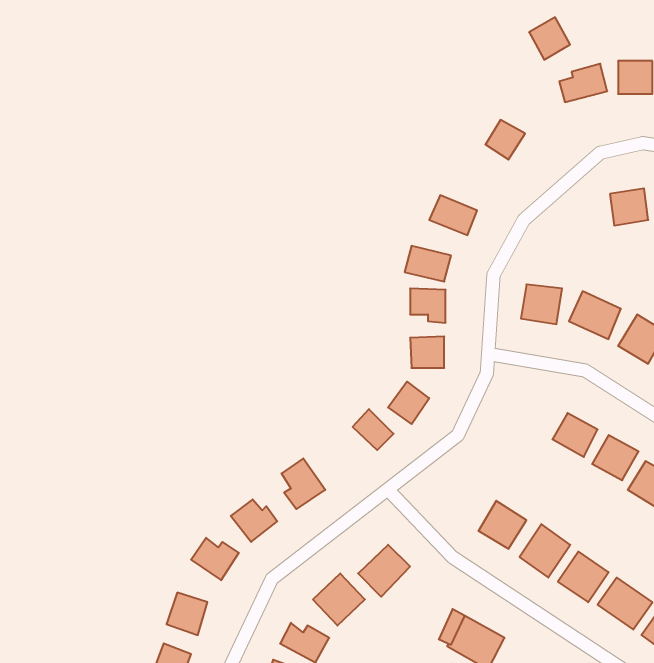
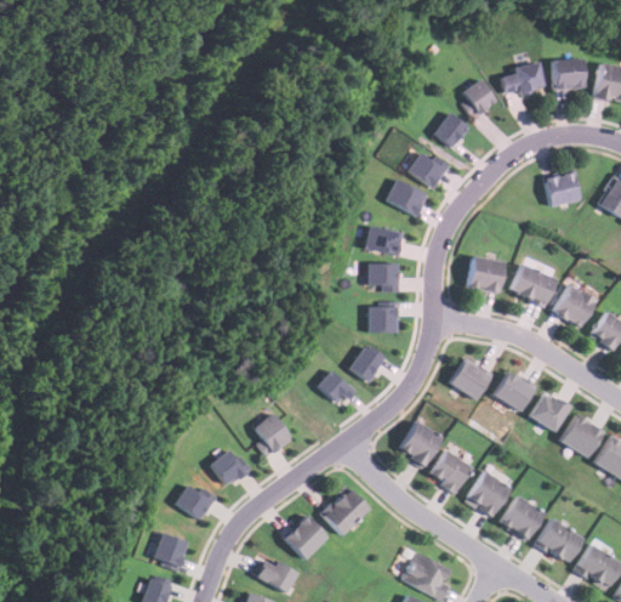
building: [529,17,570,60] -> [461,79,497,117]
building: none -> [408,152,451,189]
building: none -> [451,360,492,399]
building: none -> [398,421,443,468]

